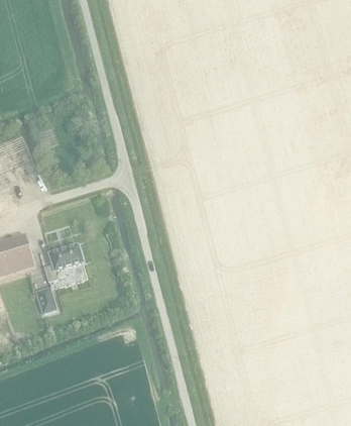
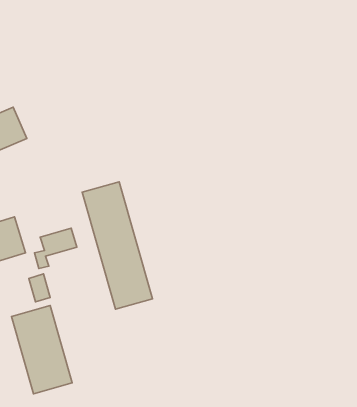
building: none -> [82,182,153,309]
building: none -> [12,306,72,394]

